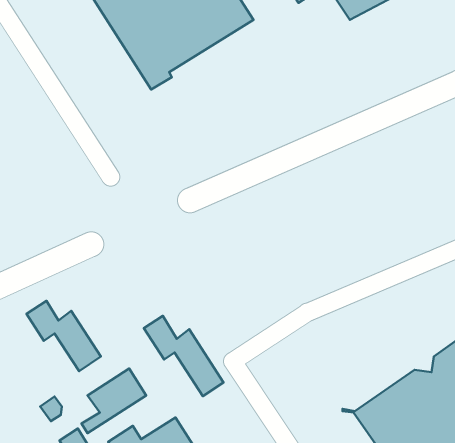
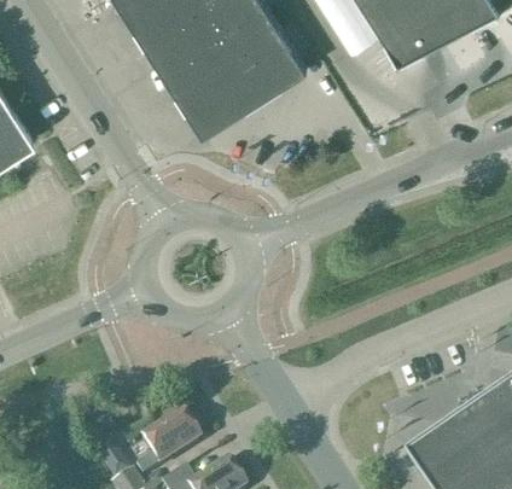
building: [26,301,101,371] -> none
building: [144,316,223,396] -> none

